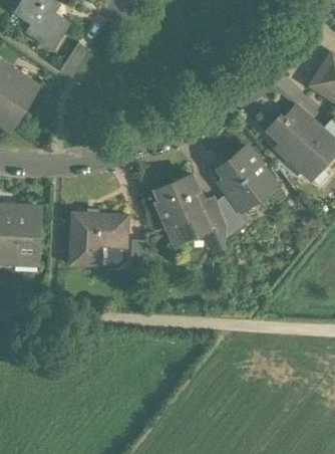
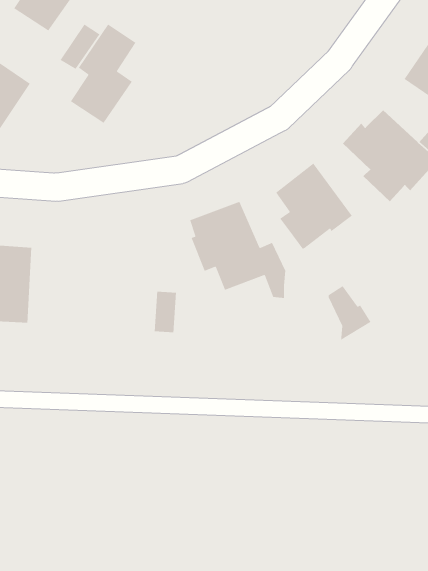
building: none -> [70,23,136,124]
building: [216,195,248,236] -> [328,285,371,341]
building: [68,213,127,266] -> none

